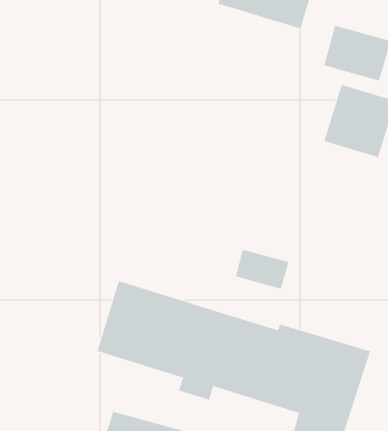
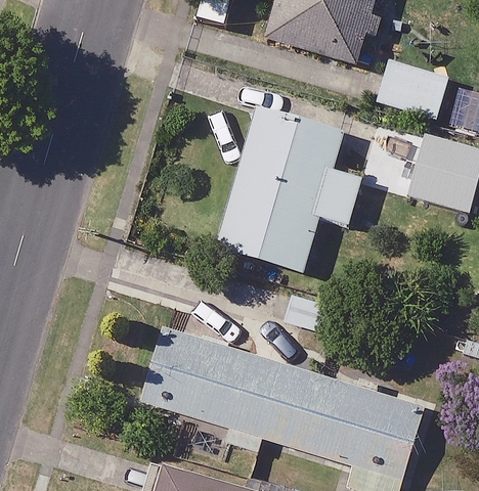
building: none -> [219,110,361,271]

